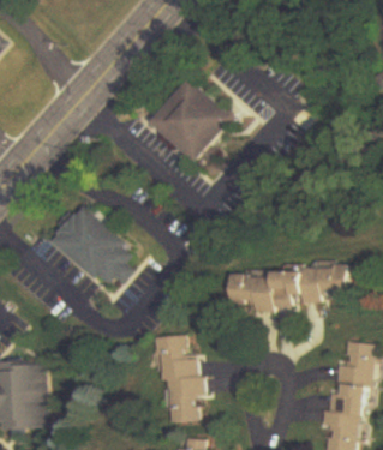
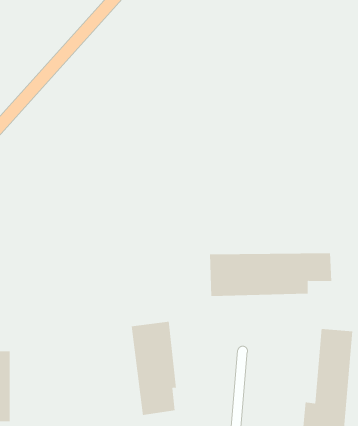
building: [154,79,239,164] -> none
building: [54,206,138,288] -> none

